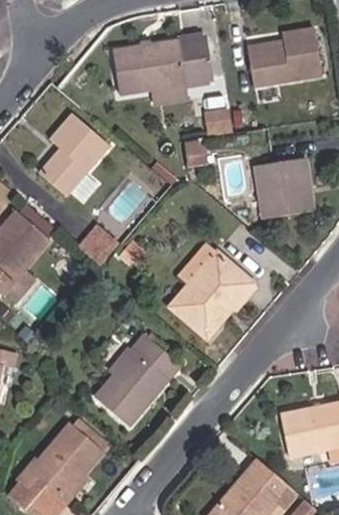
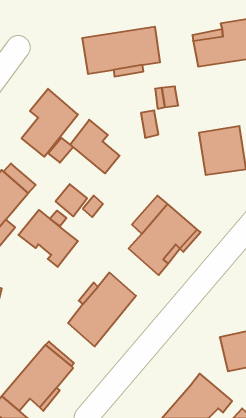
building: none -> [70,120,120,173]
building: none -> [18,210,78,267]

